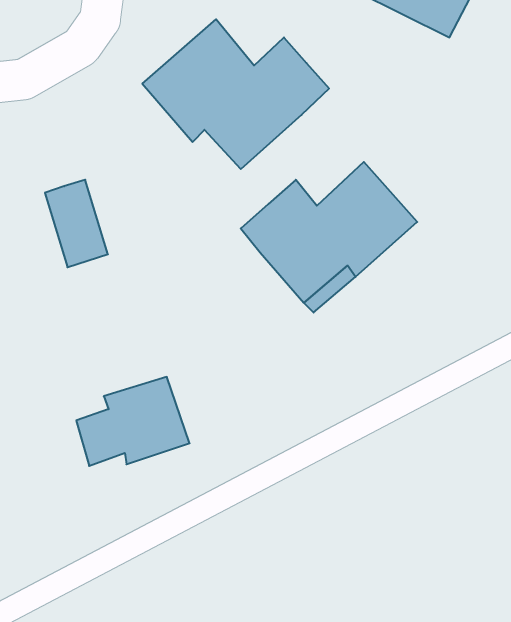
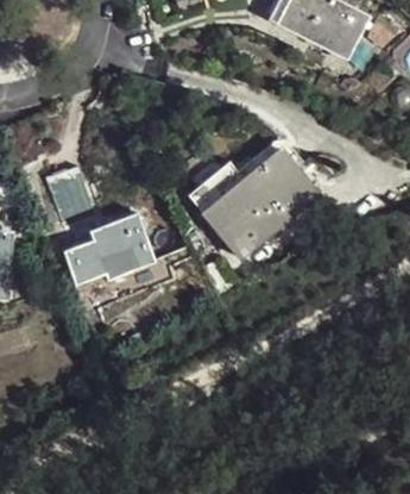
building: [142,19,329,169] -> none
building: [76,377,190,466] -> [68,213,151,279]

